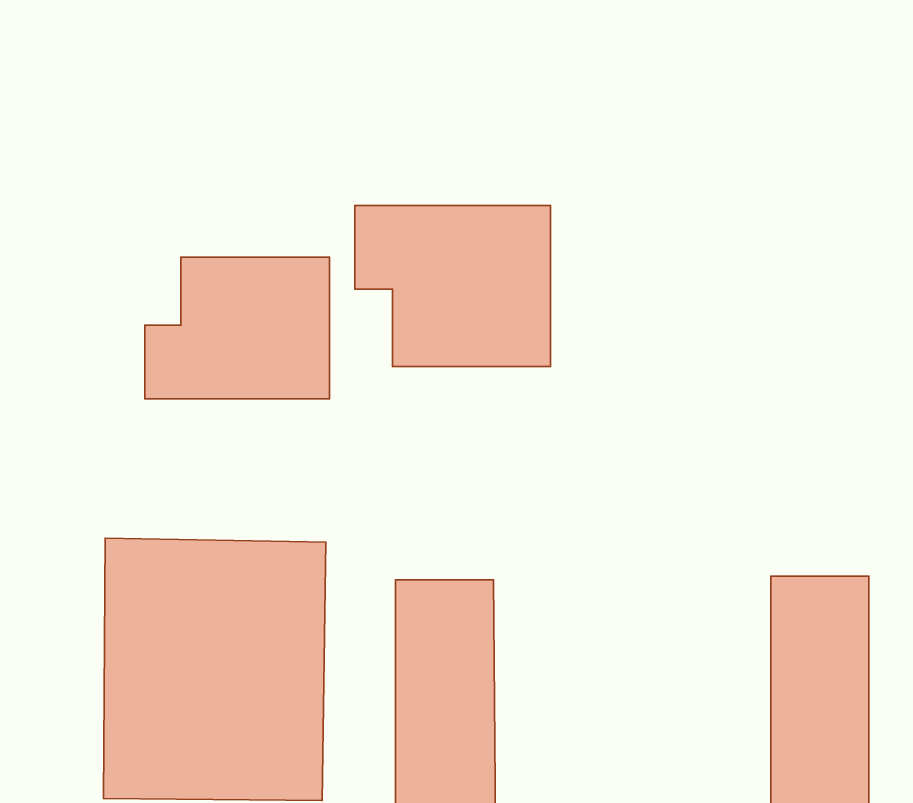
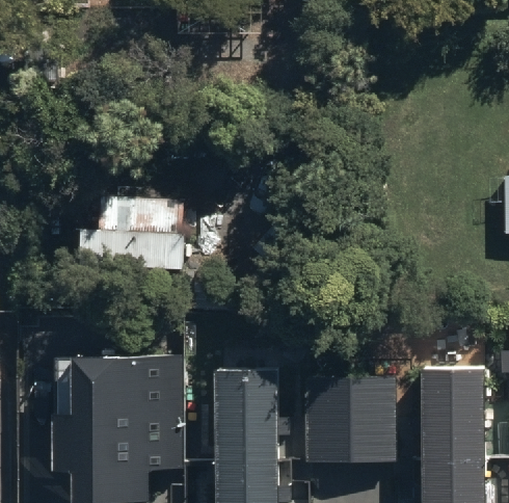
building: [355,205,550,367] -> none
building: none -> [305,378,396,462]

